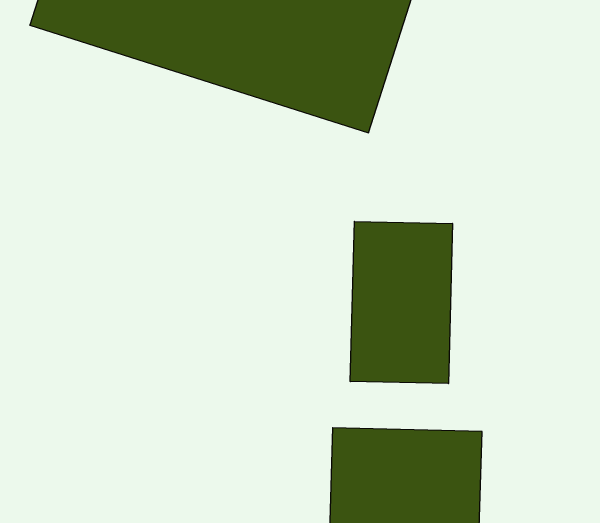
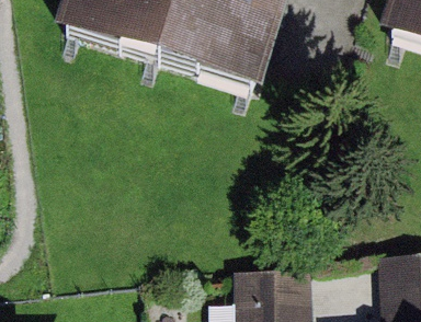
building: [350,221,452,384] -> none

